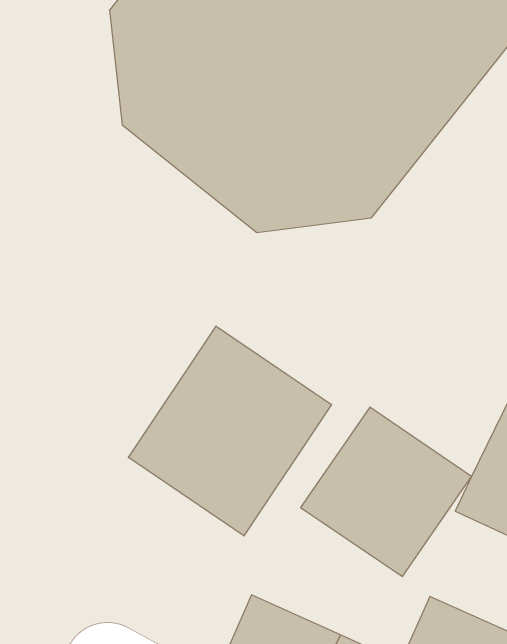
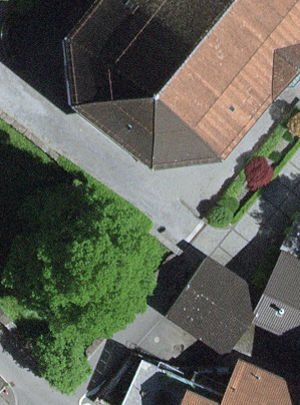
building: [128,326,331,536] -> none

